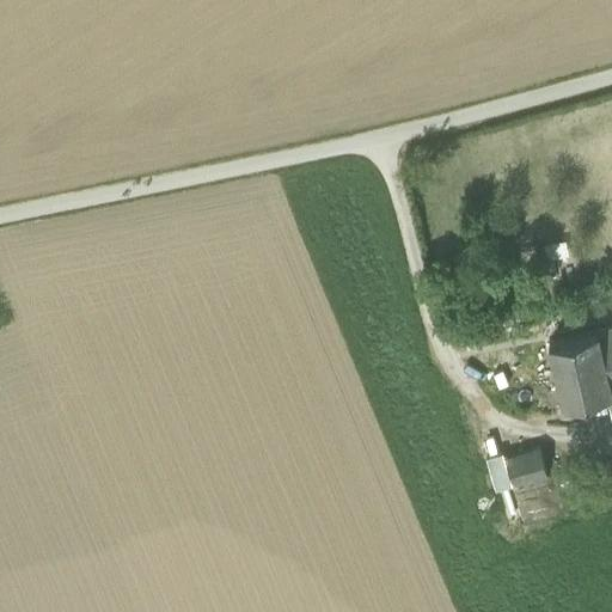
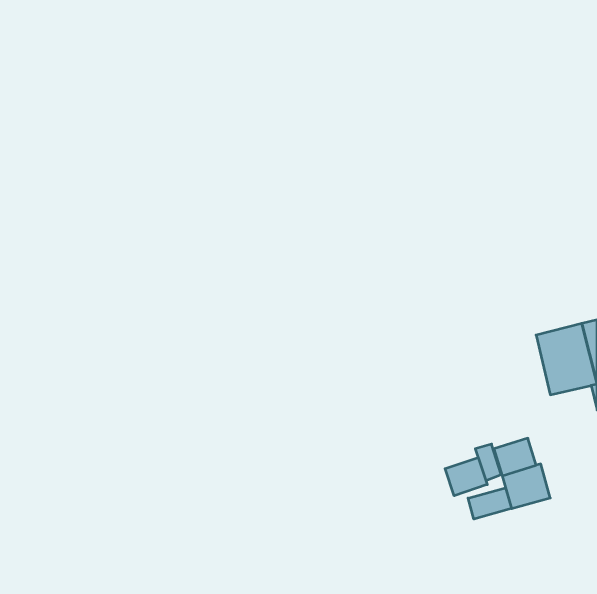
building: none -> [445,458,487,496]
building: none -> [468,488,512,519]

